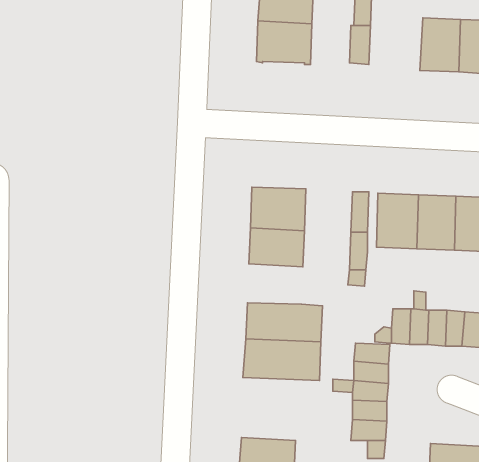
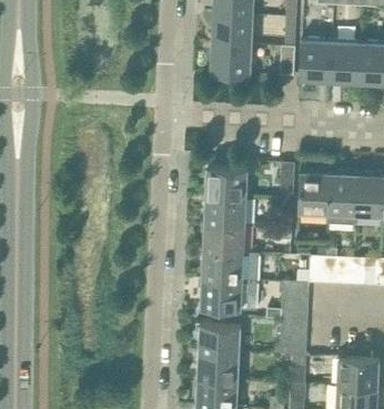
building: none -> [299,40,333,81]
building: none -> [203,224,244,254]
building: none -> [199,324,240,355]

